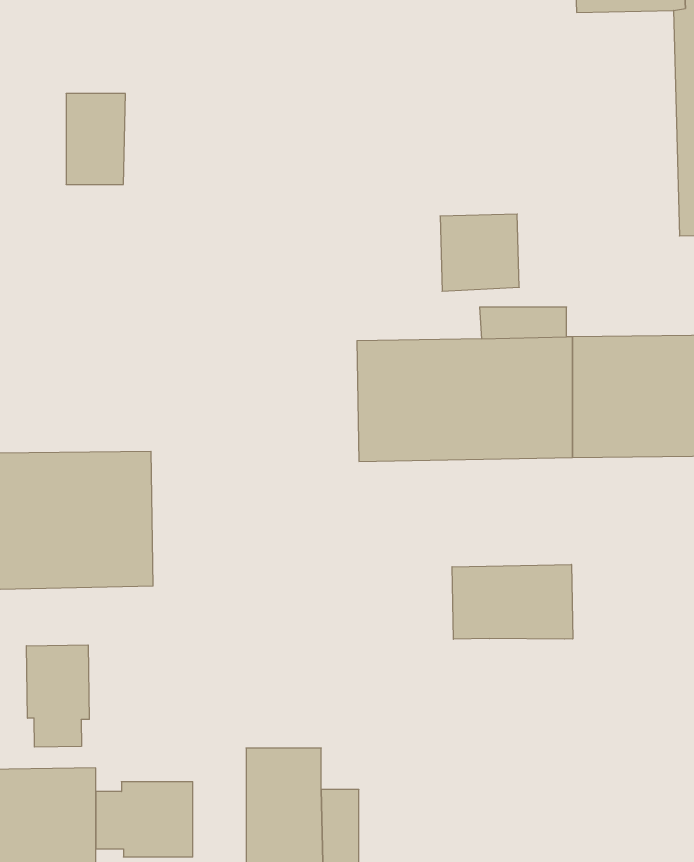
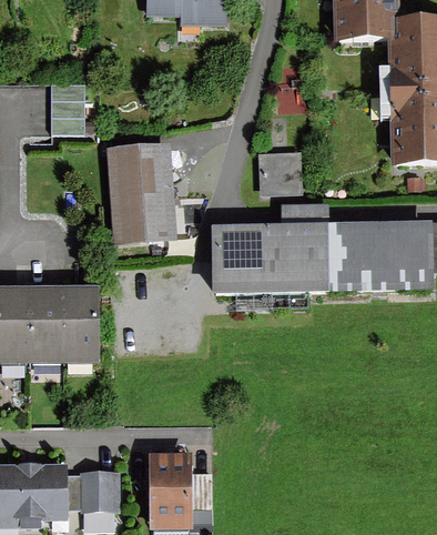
building: none -> [108,144,173,245]
building: [452,564,573,639] -> none
building: [26,645,89,747] -> none

